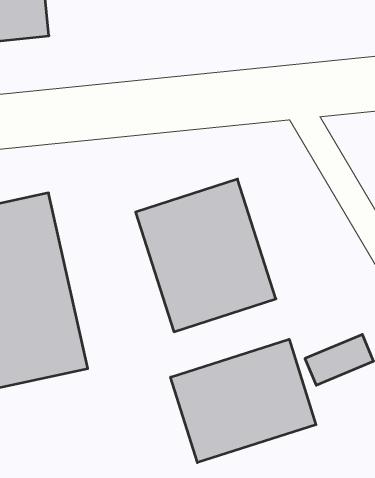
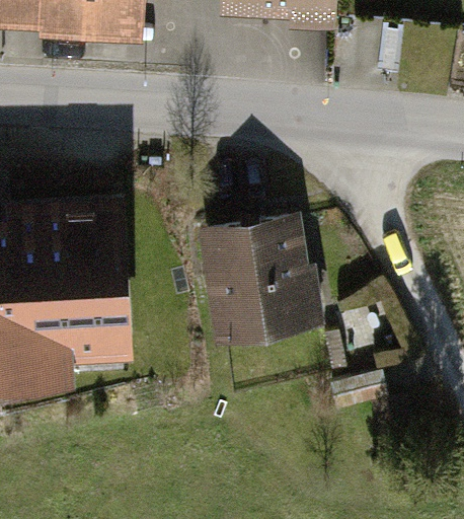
building: [171,339,316,463] -> none

